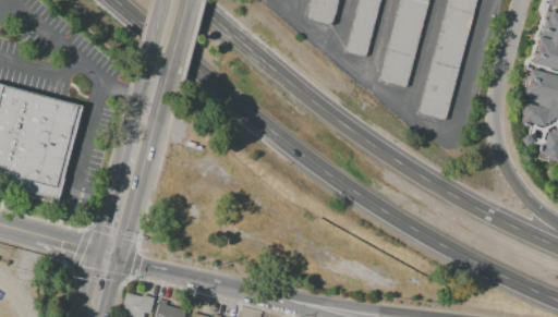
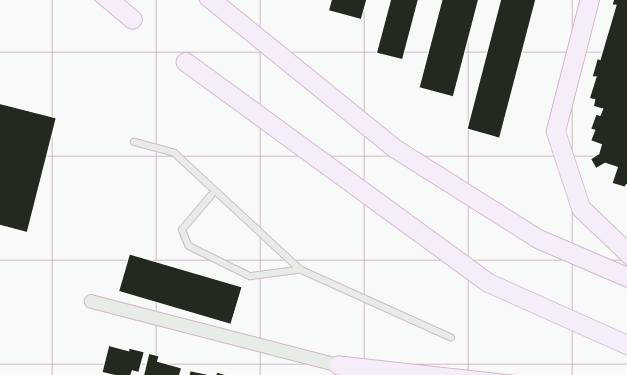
building: none -> [119,254,242,324]

